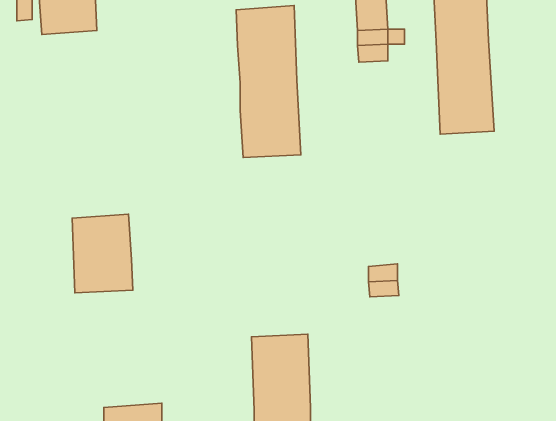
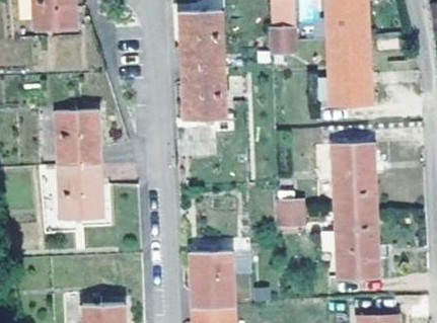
building: none -> [57,110,100,167]
building: none -> [332,144,378,279]

